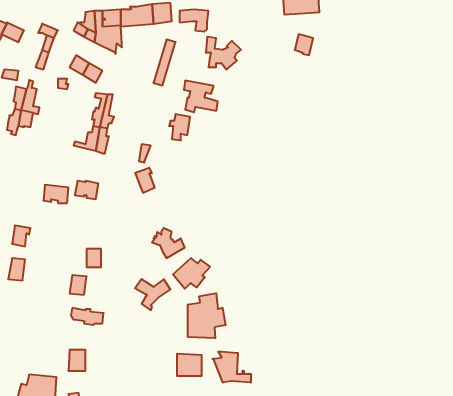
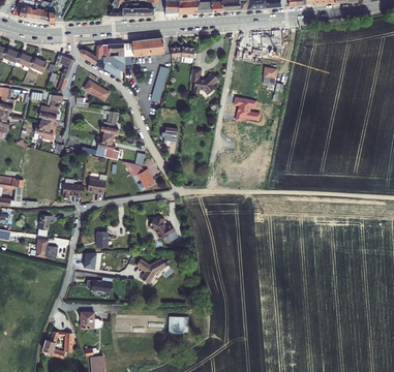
building: [184,81,218,112] -> [234,97,261,122]
building: [173,258,210,289] -> none
building: [188,293,225,338] -> none
building: [212,352,251,383] -> none

